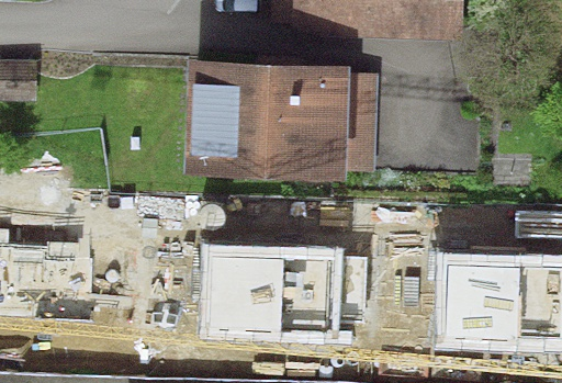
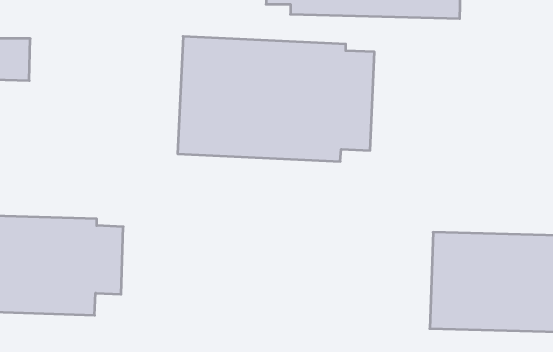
building: [200,244,370,342] -> none

